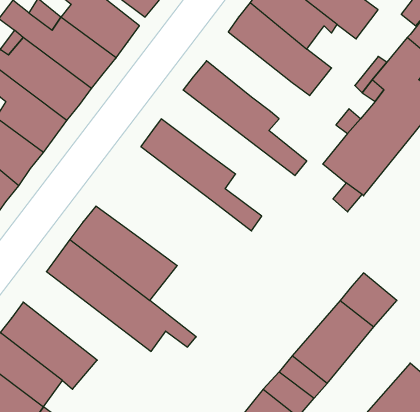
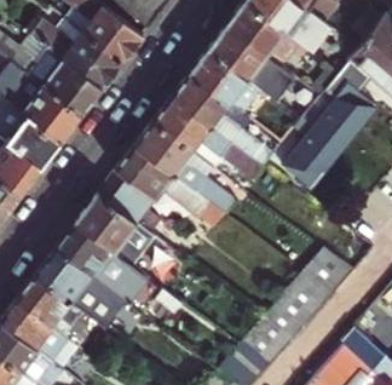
building: none -> [191,46,263,113]
building: none -> [154,94,265,182]
building: none -> [99,142,229,225]
building: none -> [39,246,146,339]

